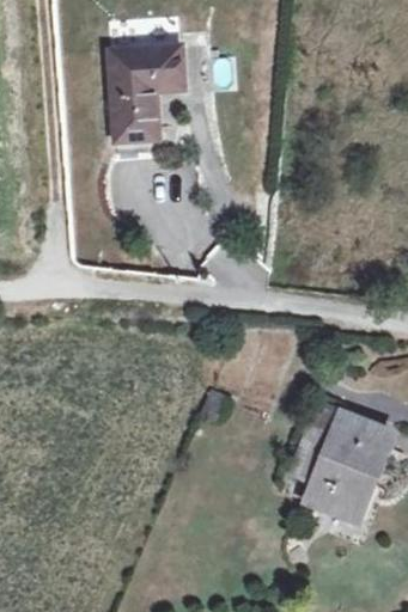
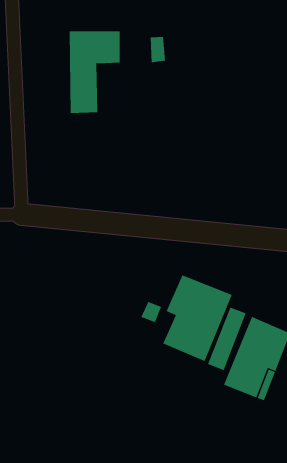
building: none -> [163,274,233,362]

